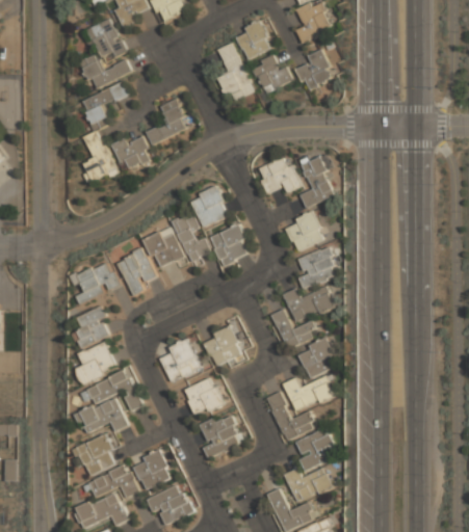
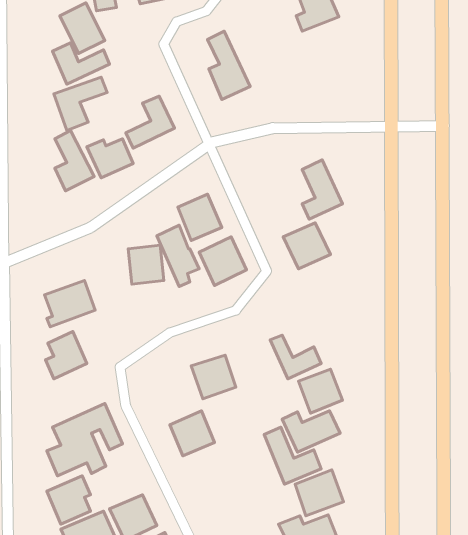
building: [234,21,272,59] -> none
building: [295,49,333,89] -> none
building: [251,53,289,94] -> none
building: [257,157,298,191] -> none
building: [115,247,155,294] -> none
building: [297,248,336,287] -> none
building: [285,289,332,321] -> none
building: [159,338,200,381] -> none
building: [76,342,116,382] -> none
building: [197,411,243,457] -> none

